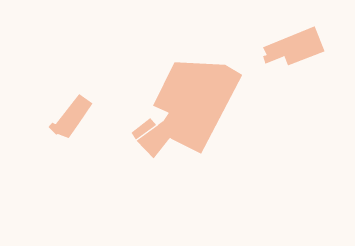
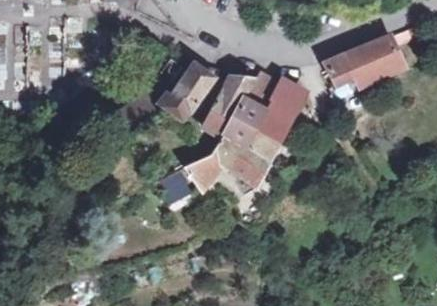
building: [47,93,93,139] -> [158,68,211,121]

